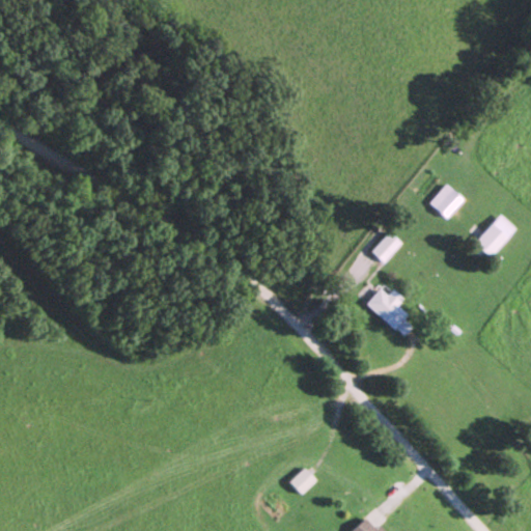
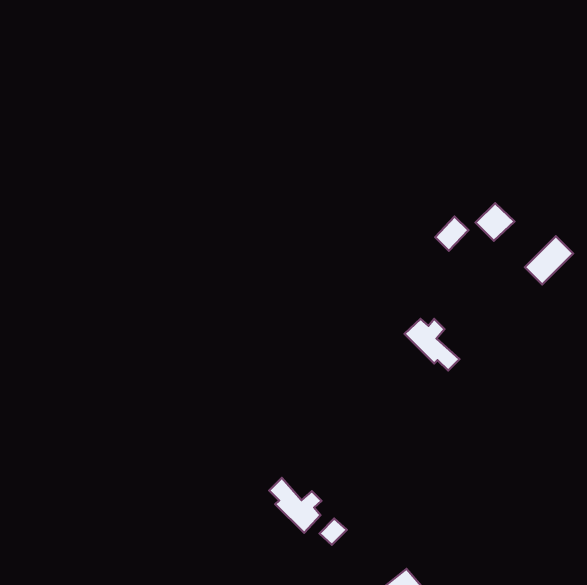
building: [371,232,401,263] -> [435,216,468,251]
building: none -> [269,478,322,533]

